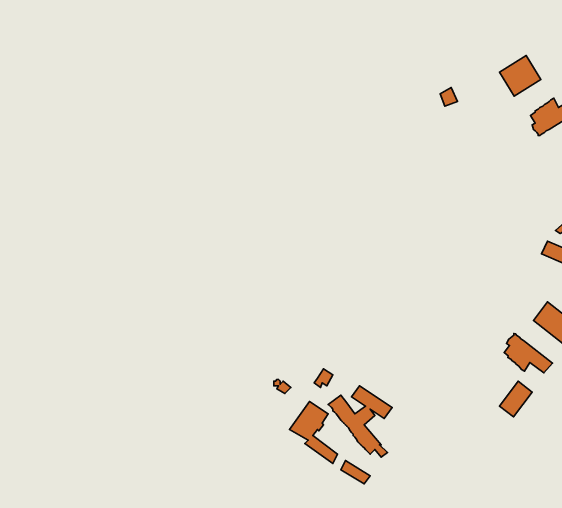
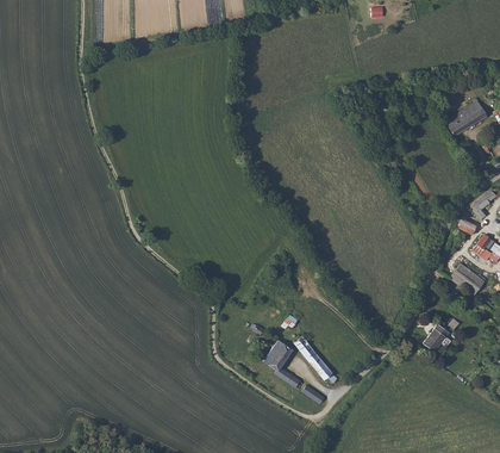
building: [500,55,541,96] -> none
building: [504,334,552,373] -> none

